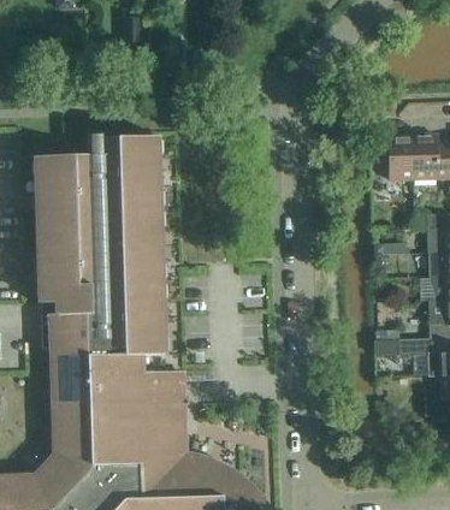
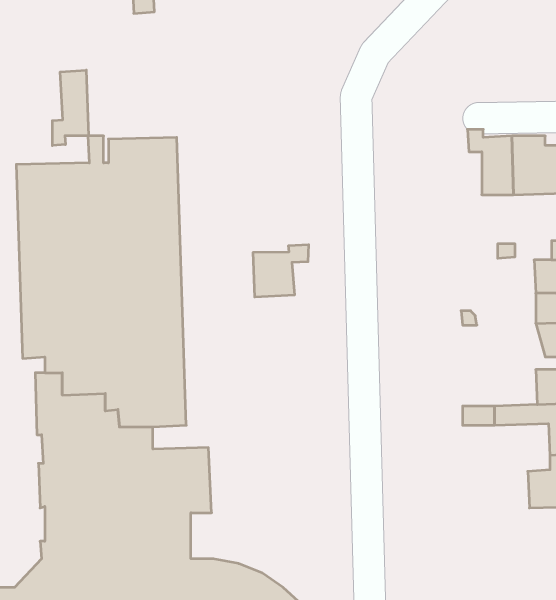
building: none -> [52,70,88,146]
building: none -> [253,245,309,297]

